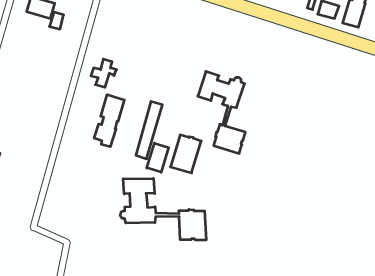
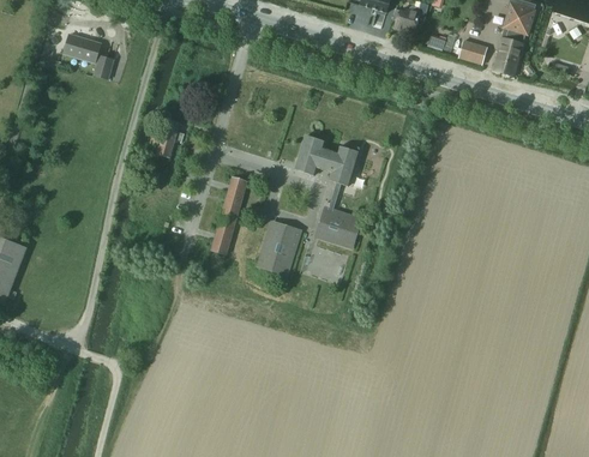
building: [94,95,124,147] -> none
building: [147,143,169,172] -> none
building: [120,178,206,240] -> none

